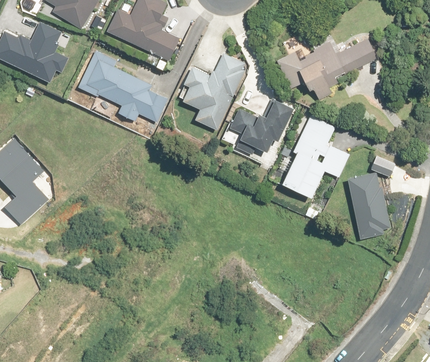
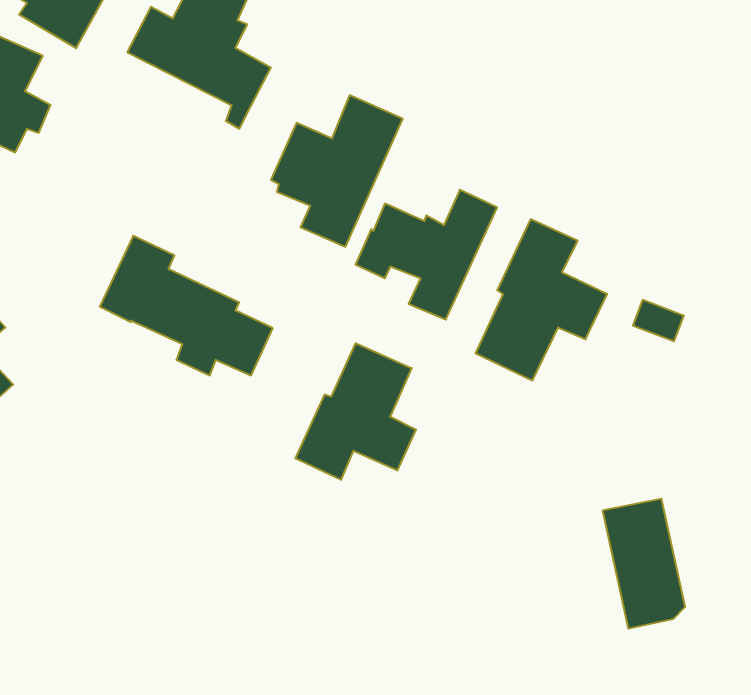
building: [276,40,377,99] -> none
building: [80,51,168,122] -> [100,236,273,375]
building: [343,176,385,242] -> [603,499,685,629]
building: none -> [296,343,416,480]

